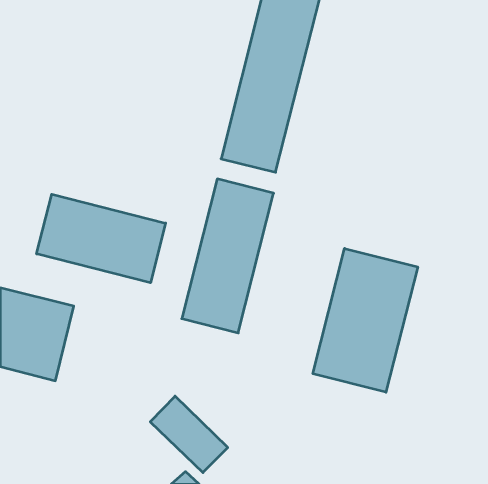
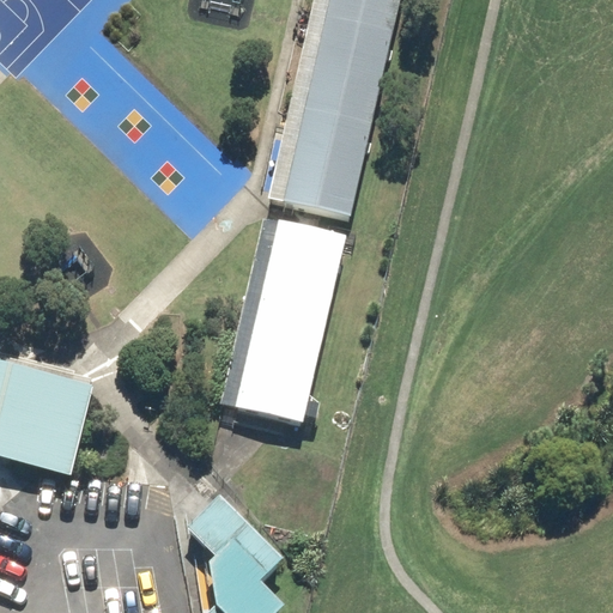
building: [37,194,166,283] -> none
building: [313,248,418,392] -> none

